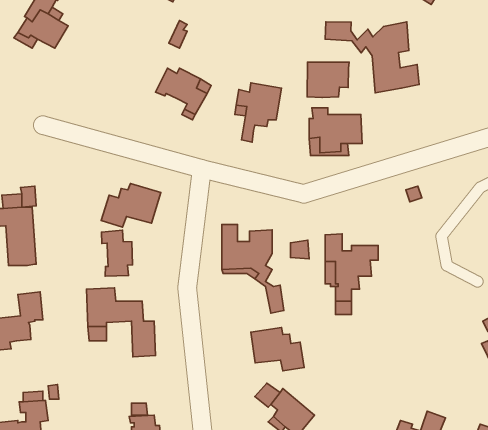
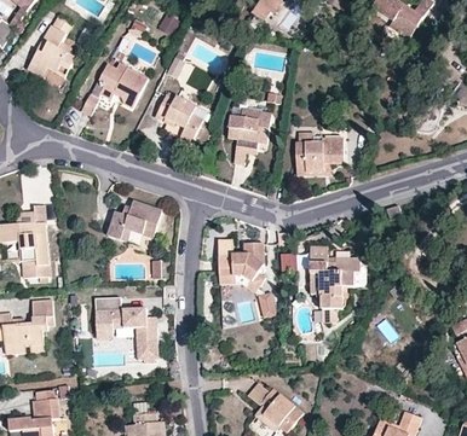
building: [325,22,419,93] -> none
building: none -> [82,62,149,115]
building: [307,62,349,98] -> none
building: [102,230,133,276] -> none
building: [251,328,304,371] -> none

